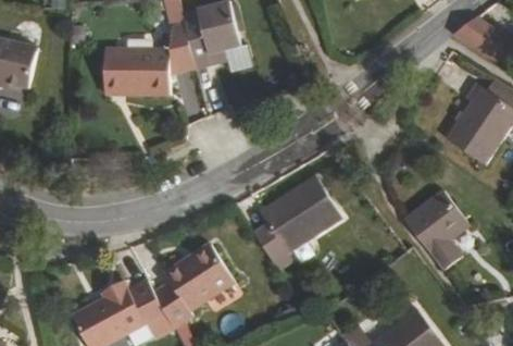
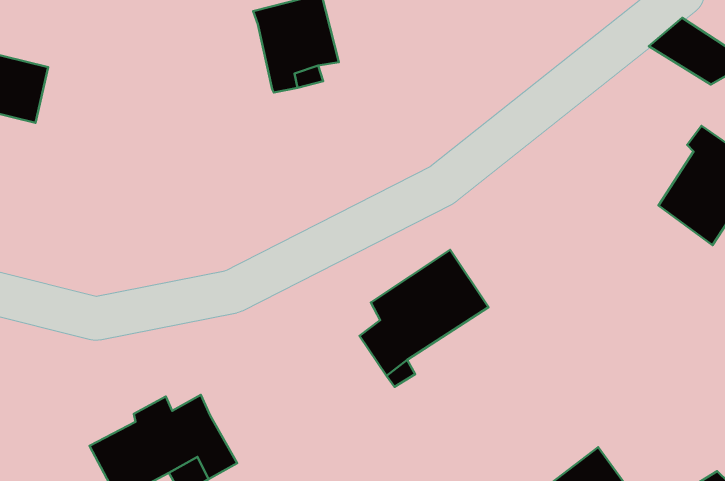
building: [100,21,193,92] -> none
building: [402,190,467,271] -> none
building: [151,243,232,321] -> none

